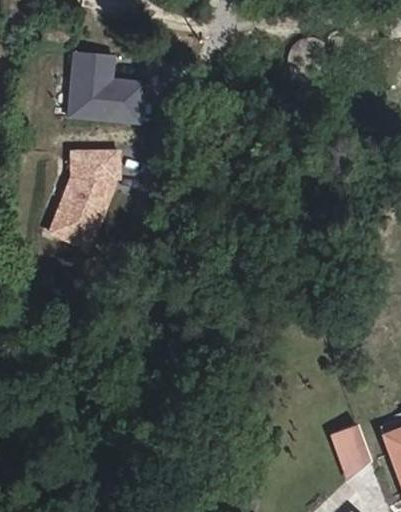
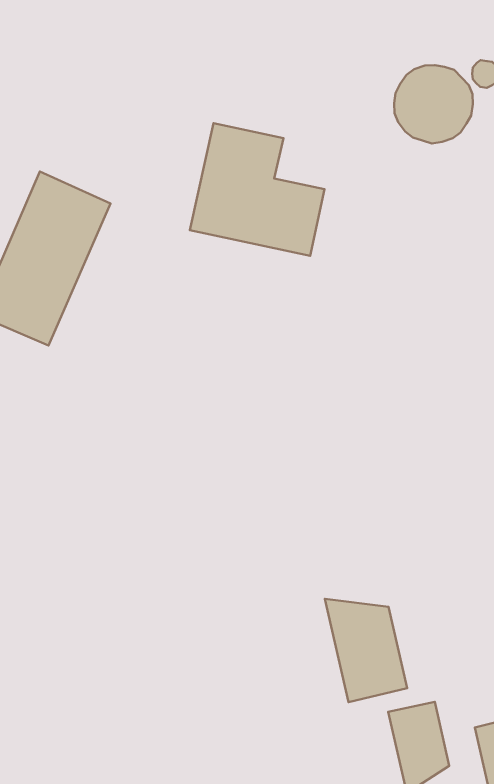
building: [66,49,143,120] -> [190,123,325,256]
building: none -> [325,599,407,702]

